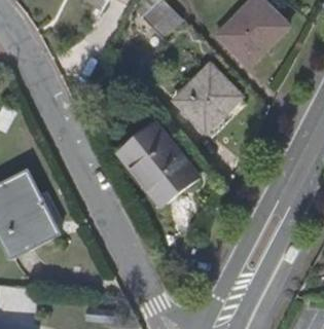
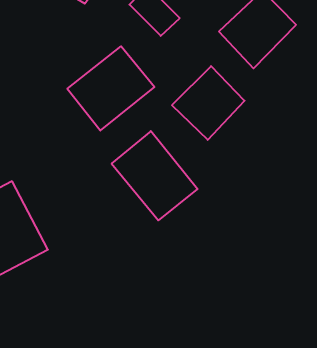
building: none -> [67,46,154,131]

